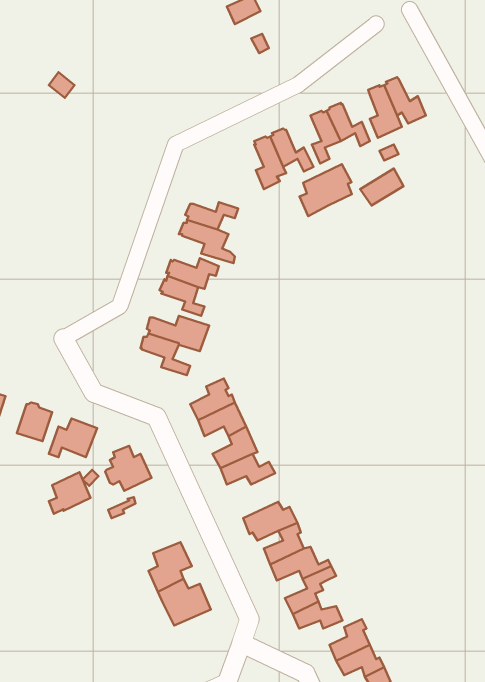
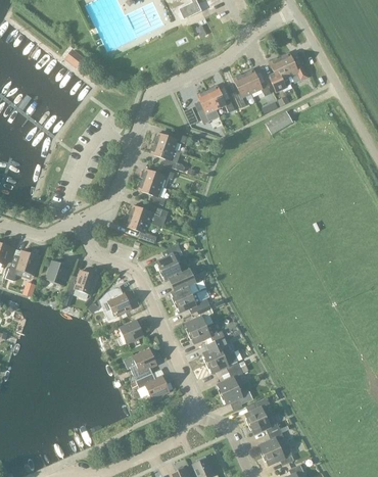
building: [300,164,352,216] -> none
building: [49,472,91,514] -> [116,320,143,346]
building: none -> [184,305,212,334]

